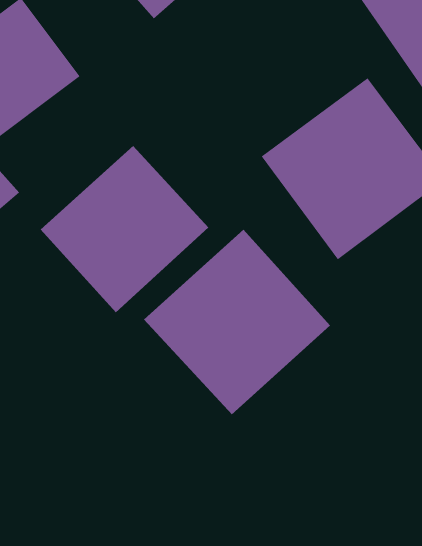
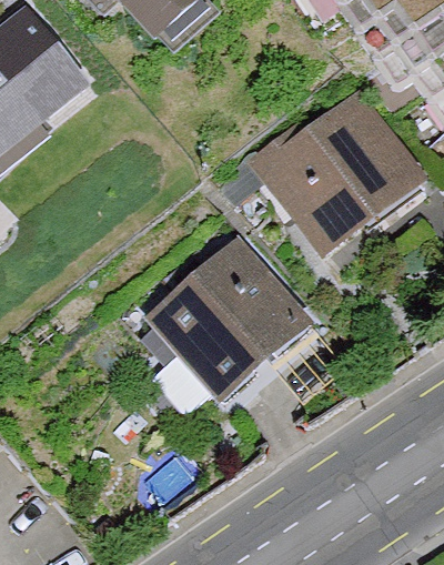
building: [40,145,209,313] -> none

